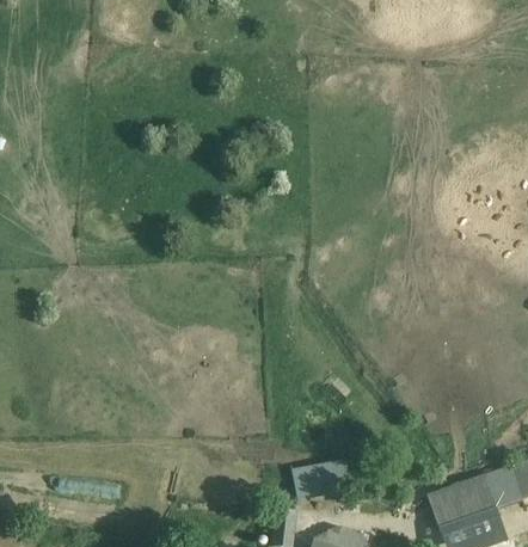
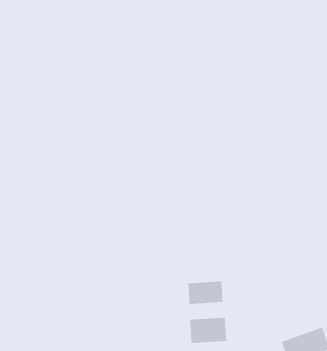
building: none -> [188,280,223,305]

